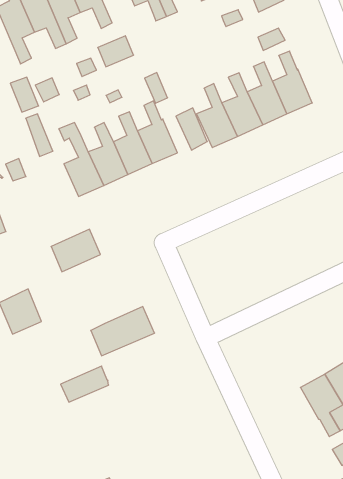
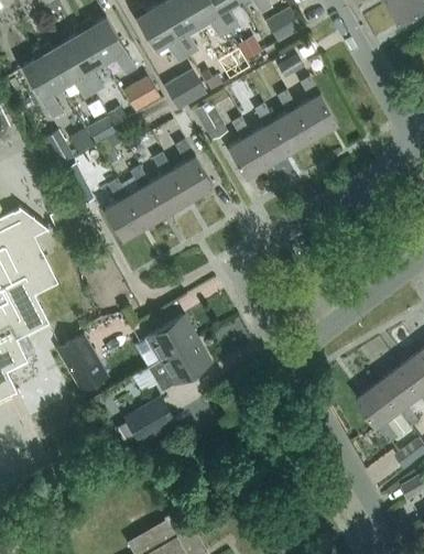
building: none -> [164,76,206,109]
building: [176,108,207,150] -> [193,100,226,141]
building: [51,229,100,272] -> [148,316,196,360]

